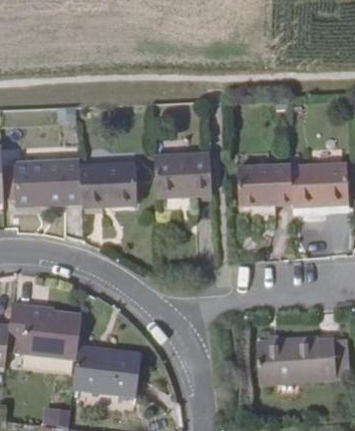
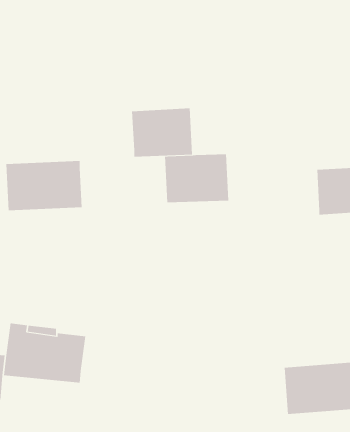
building: [77,162,132,206] -> [131,108,193,157]
building: [236,163,291,206] -> none
building: [73,347,140,397] -> none

